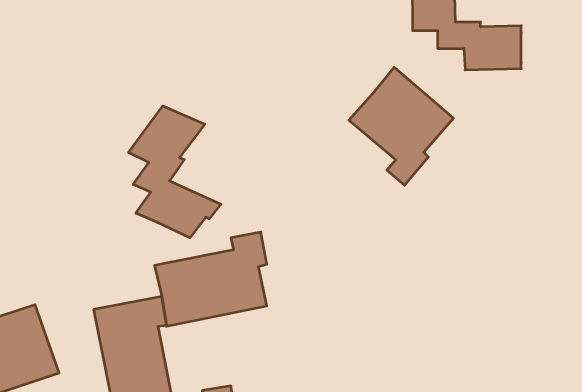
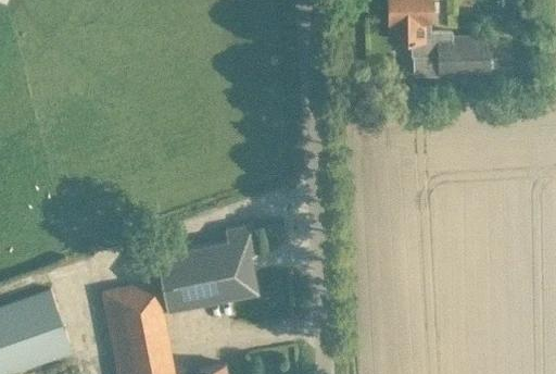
building: [349,67,453,185] -> none
building: [129,106,221,238] -> none

